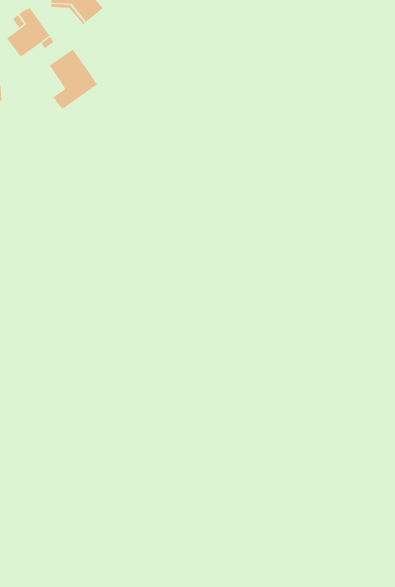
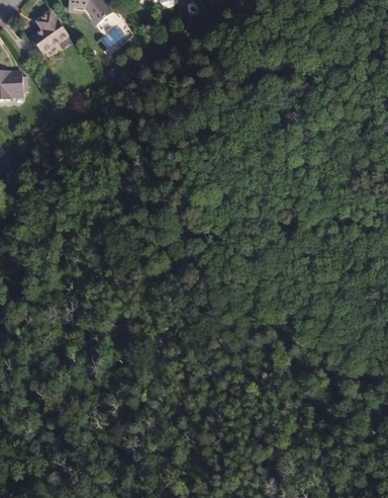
building: [49,49,98,110] -> none

